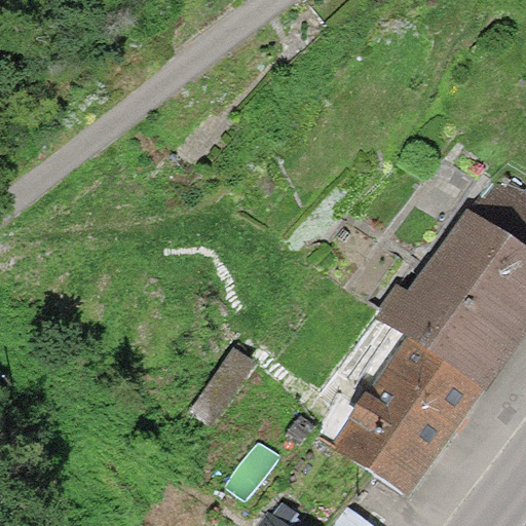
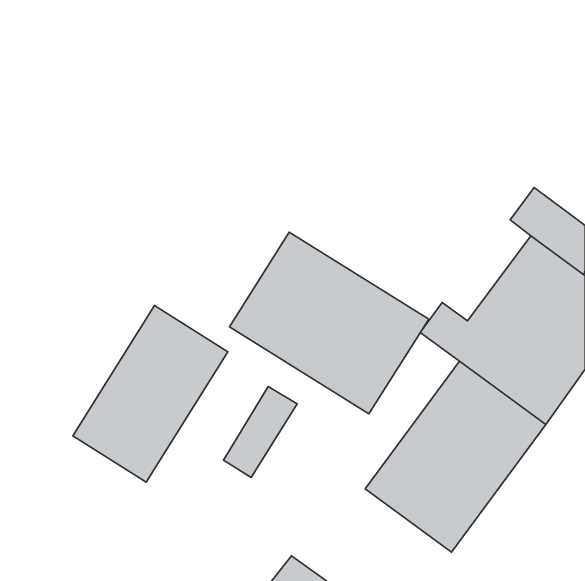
building: none -> [229,232,429,414]
building: none -> [73,305,228,482]

